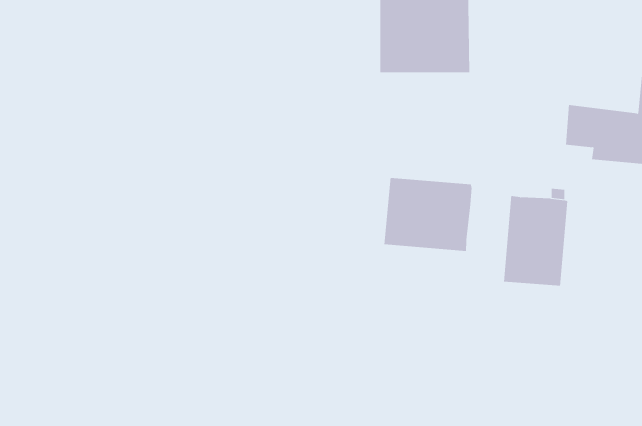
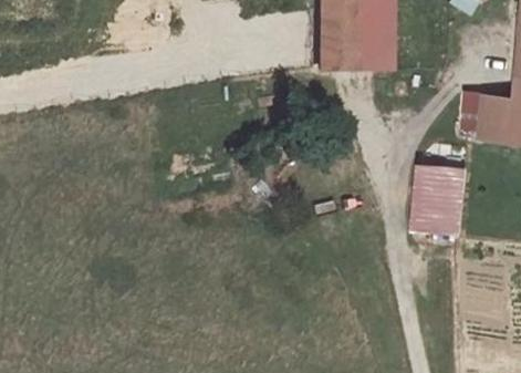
building: [384,177,472,252] -> none

